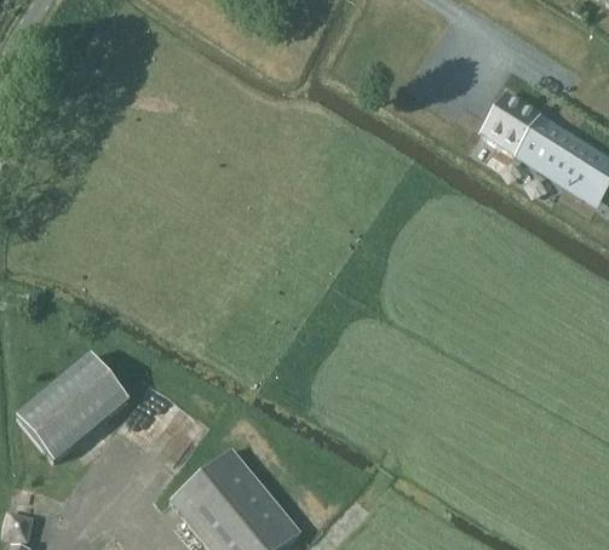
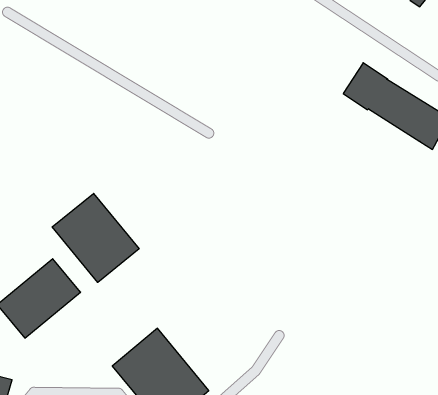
building: none -> [52,193,139,282]

